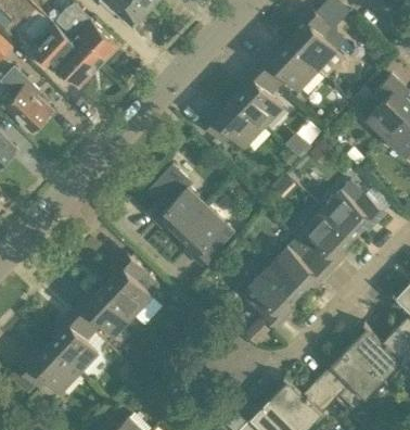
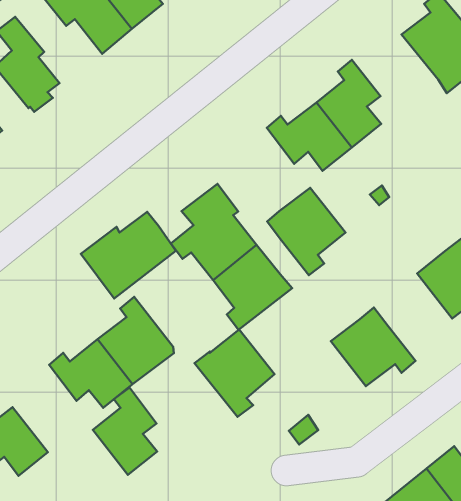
building: [255,42,318,90] -> none
building: none -> [81,212,176,298]
building: [295,210,351,271] -> [267,188,345,275]
building: [240,266,297,328] -> [194,329,274,417]
building: [50,311,98,372] -> [93,387,157,475]

